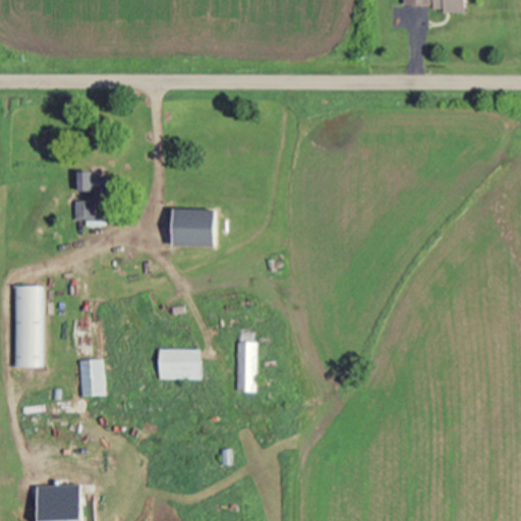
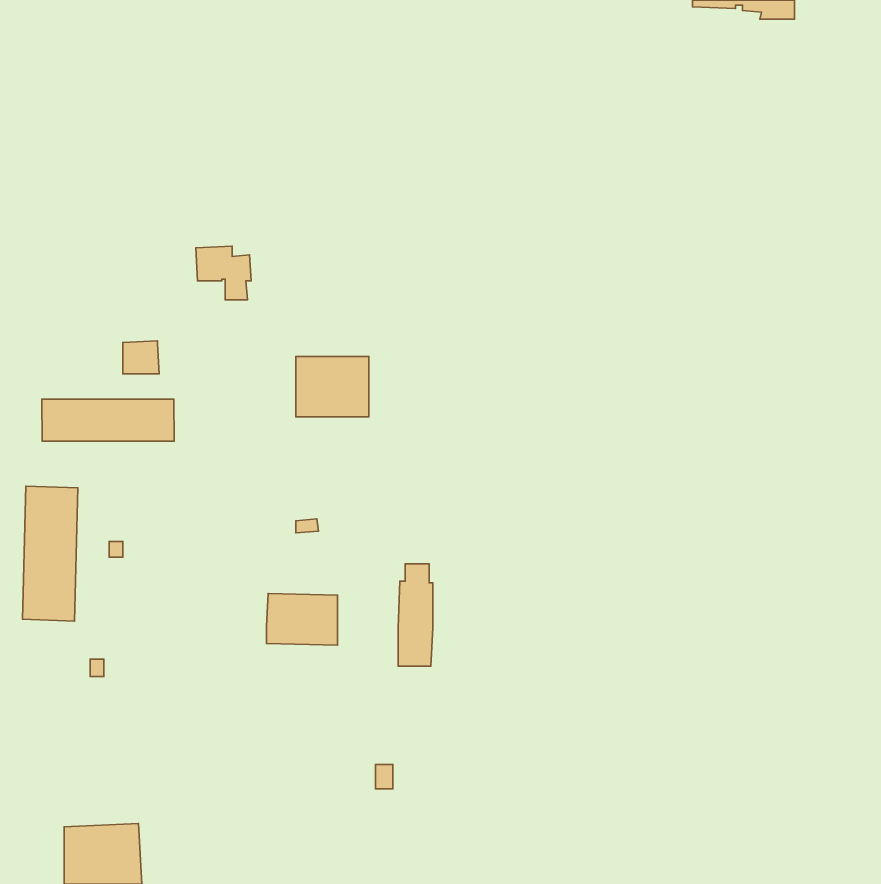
building: [75,171,108,202] -> [196,246,251,300]
building: none -> [42,399,174,441]
building: [81,360,106,395] -> none

